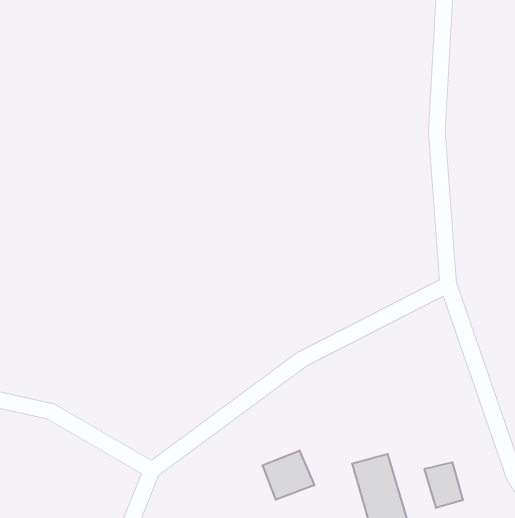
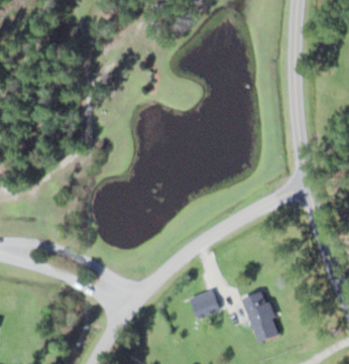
building: [425,462,463,508] -> none

